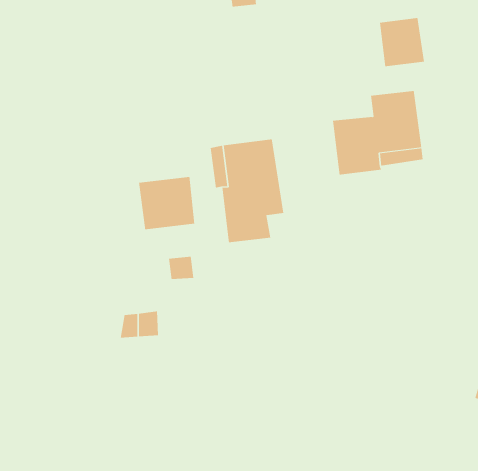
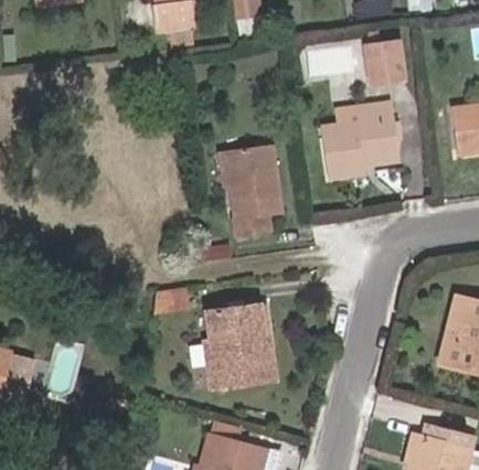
building: [138,176,195,230] -> none
building: none -> [205,307,276,391]

